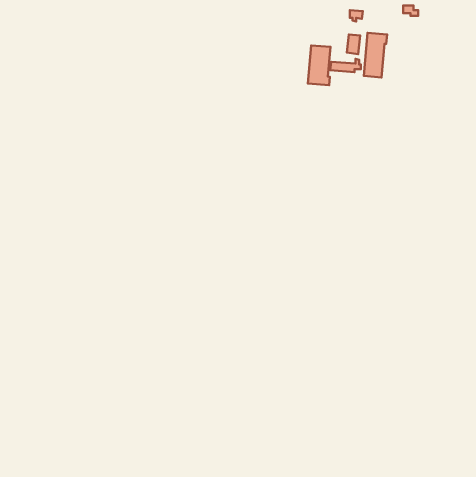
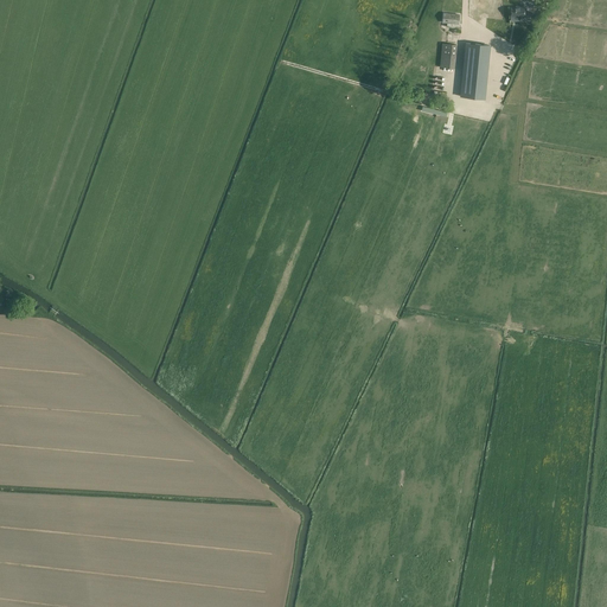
building: [308,45,331,85] -> none

